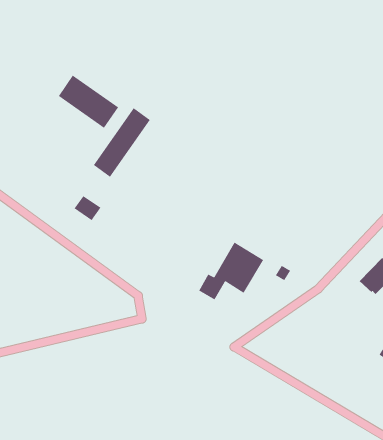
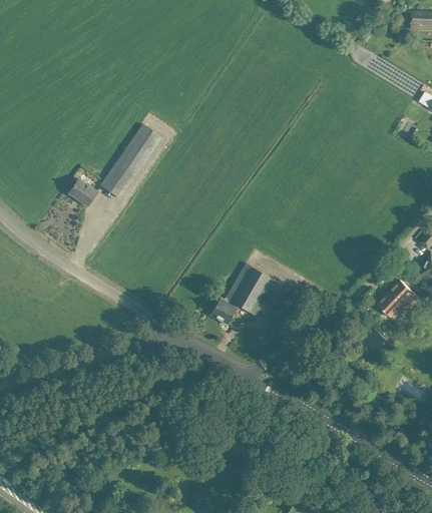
building: [58,75,119,129] -> none
building: [73,195,101,221] -> [67,178,96,205]

